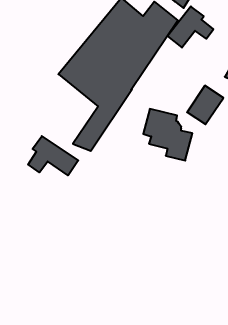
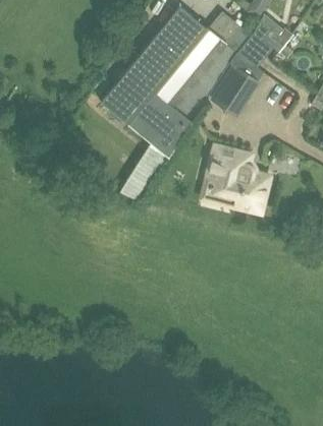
building: [187,86,223,124] -> [212,65,258,114]
building: [28,136,78,175] -> none

